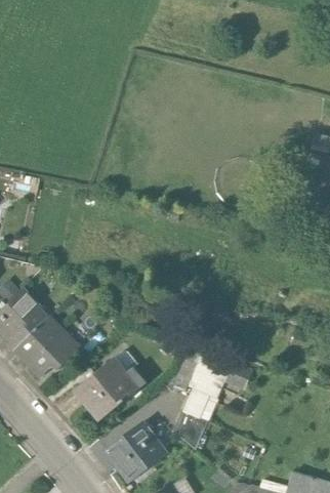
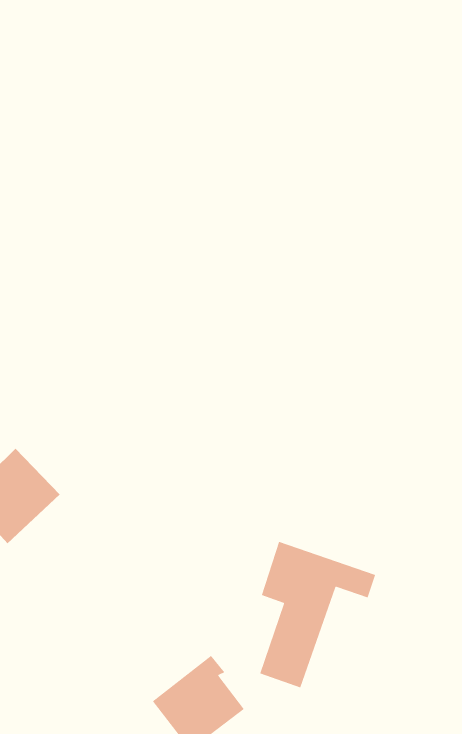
building: [14,318,80,376] -> none
building: [77,359,146,420] -> none

